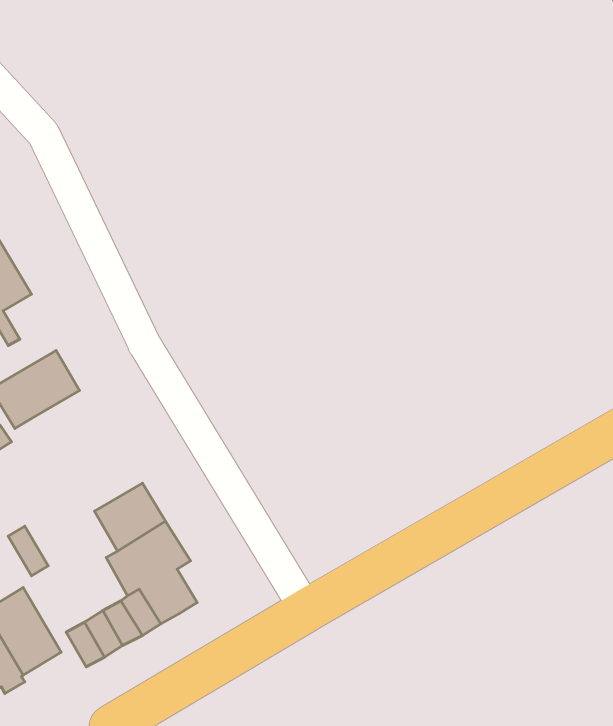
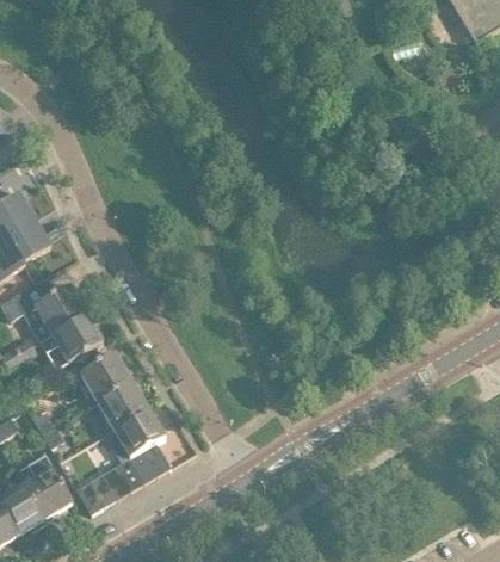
building: none -> [38,313,101,369]
building: none -> [79,351,130,400]

